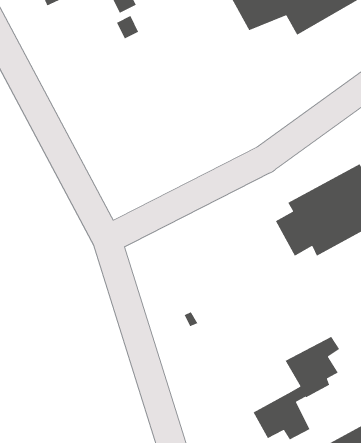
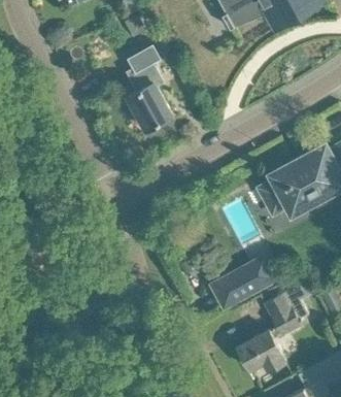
building: none -> [128,44,172,130]
building: none -> [210,265,276,310]

